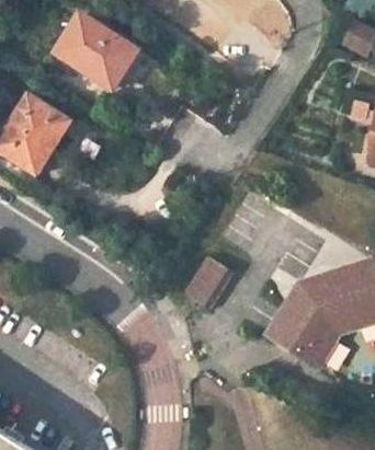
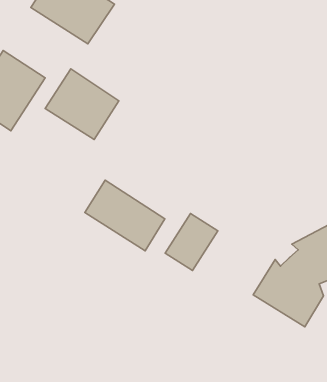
building: none -> [45,69,119,140]
building: none -> [85,180,165,251]

